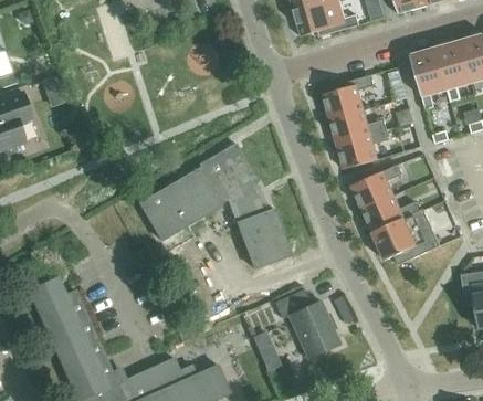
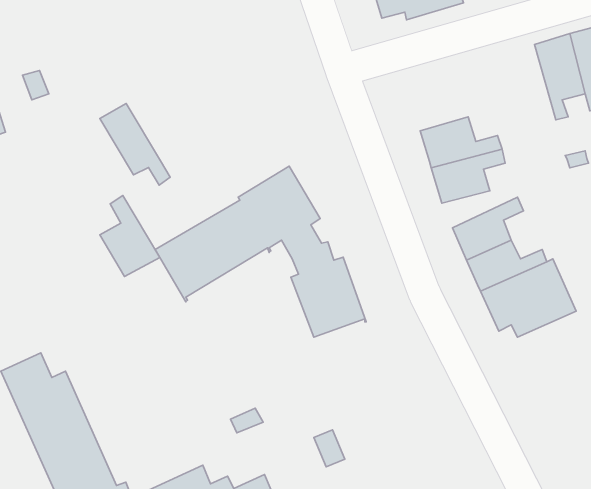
building: [323,75,374,117] -> none
building: none -> [100,103,170,185]
building: none -> [100,195,160,277]
building: [274,288,338,357] -> none

